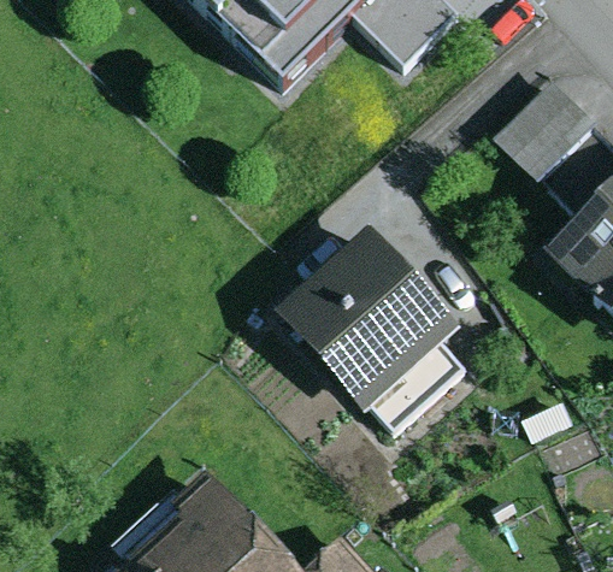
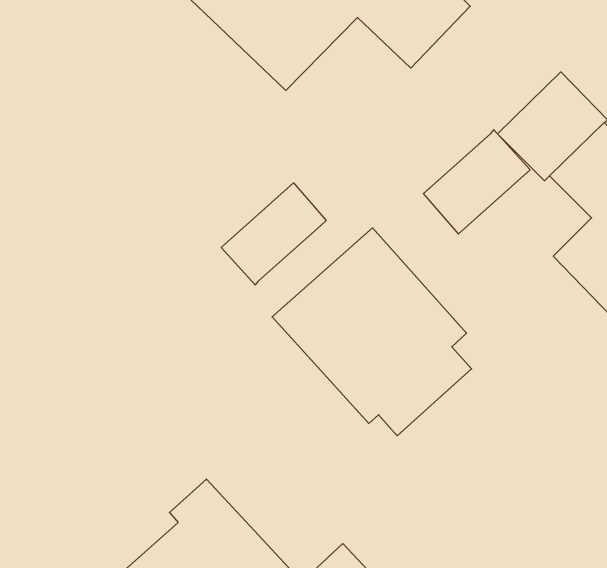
building: none -> [423,130,530,234]
building: none -> [221,183,326,285]

